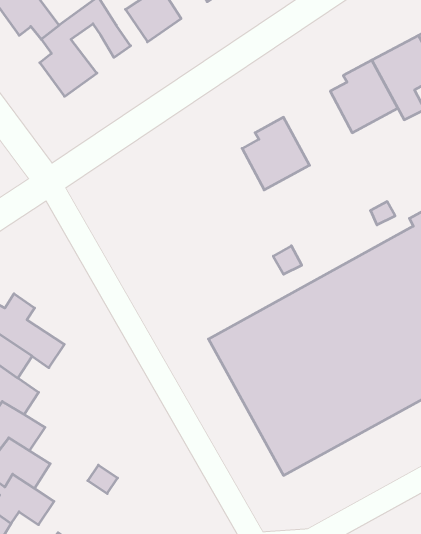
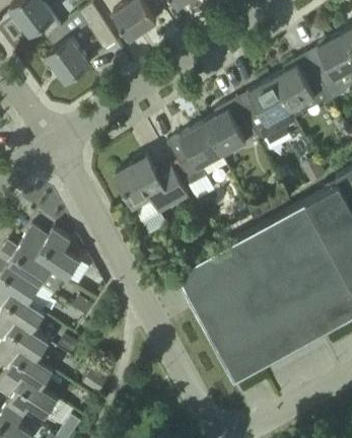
building: none -> [236,79,296,143]
building: none -> [167,124,226,186]
building: none -> [116,157,189,223]
building: none -> [25,227,80,279]

